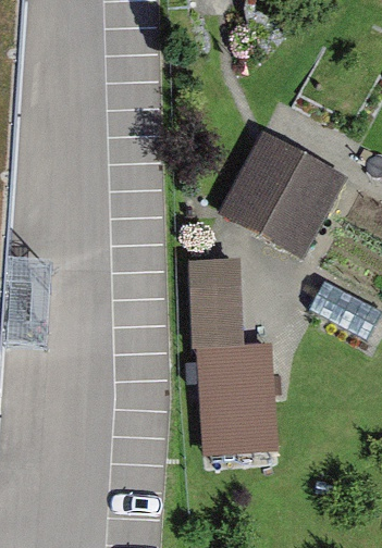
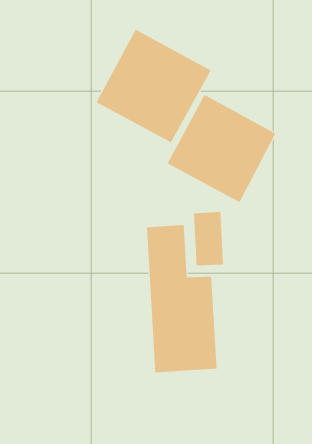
building: none -> [96,29,212,143]

